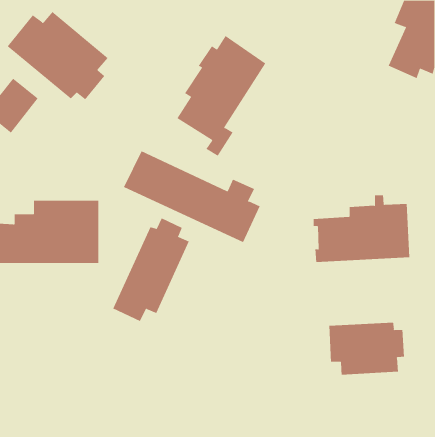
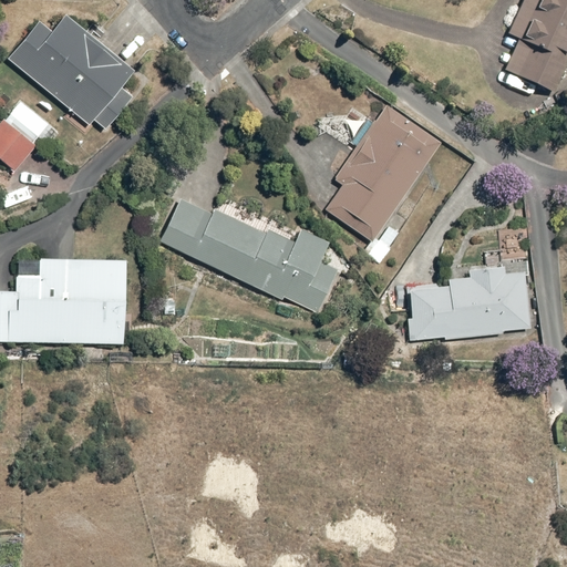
building: [176,35,266,157] -> [322,104,439,261]
building: [112,218,190,322] -> none
building: [329,322,404,376] -> none

